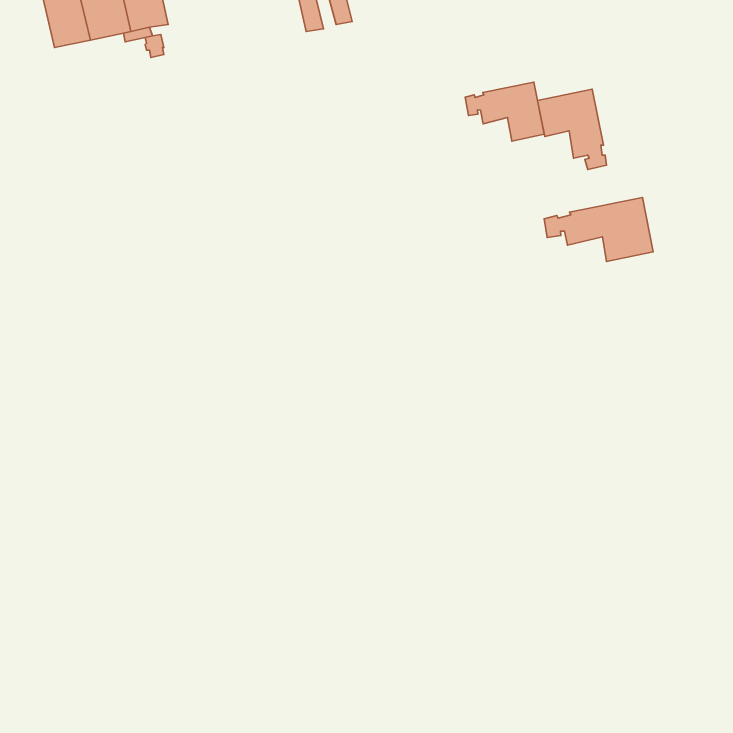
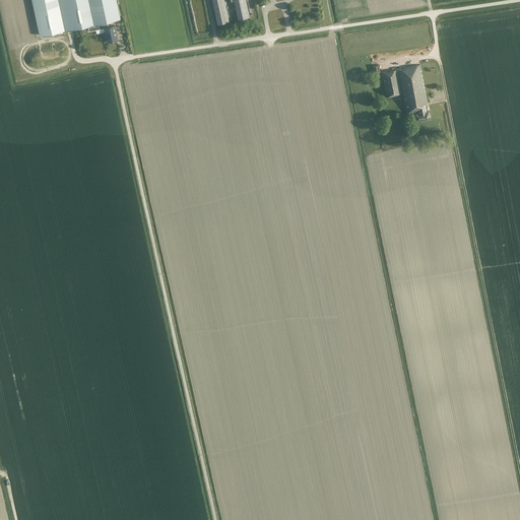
building: [465,82,544,141] -> none
building: [544,197,653,261] -> none

